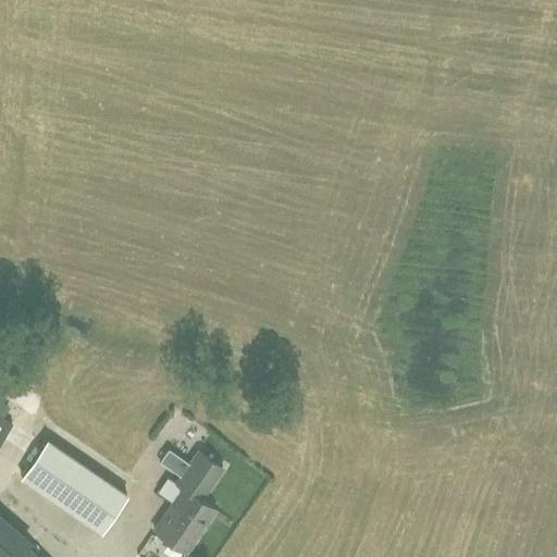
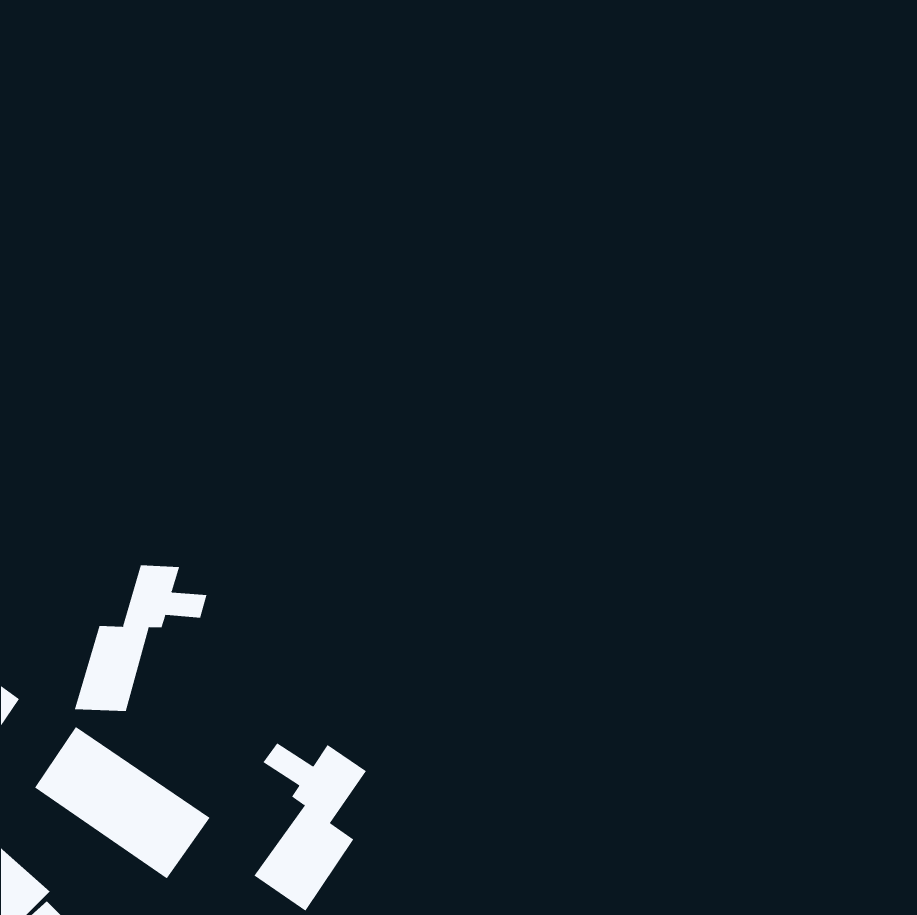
building: none -> [74,565,207,712]

